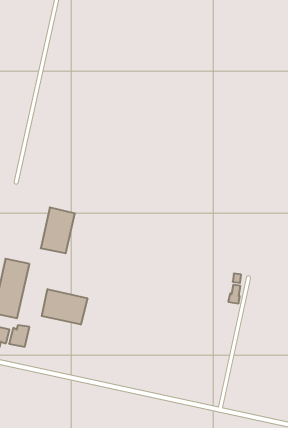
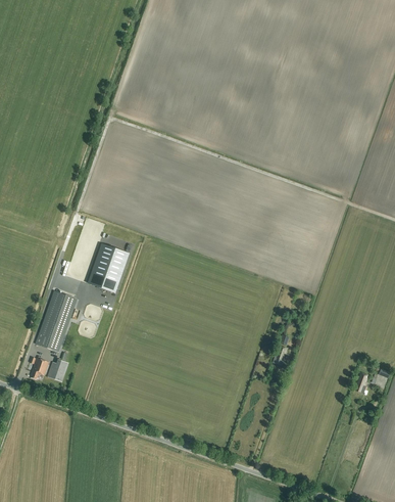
building: [42,289,87,325] -> none

